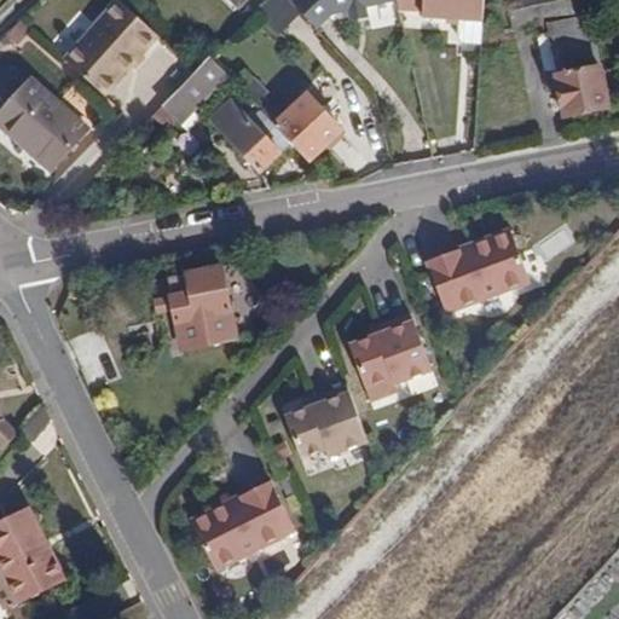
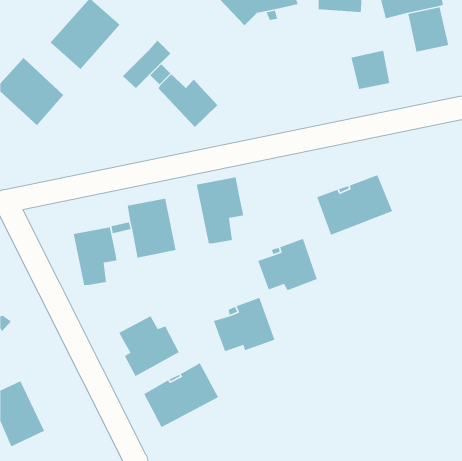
building: [555,60,608,114] -> [350,50,390,90]
building: [273,91,343,160] -> none
building: none -> [196,176,244,244]
building: none -> [73,226,118,286]
building: none -> [118,315,180,377]

